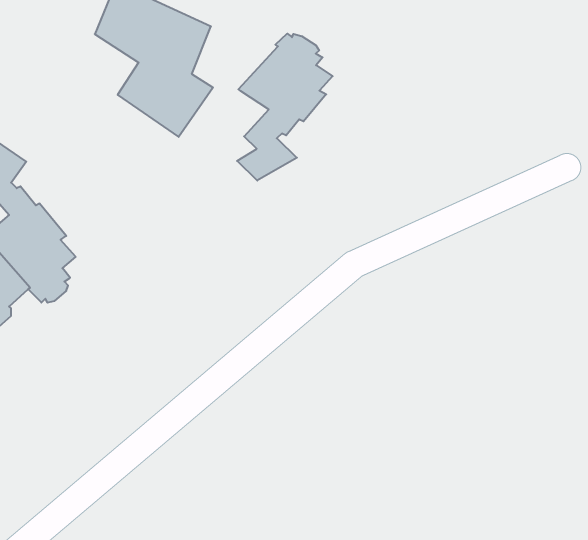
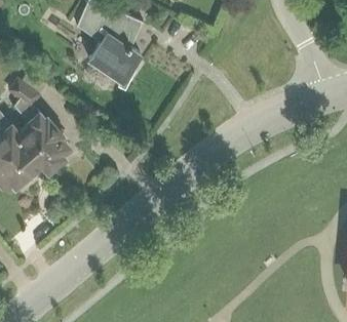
building: [237,34,333,181] -> none

